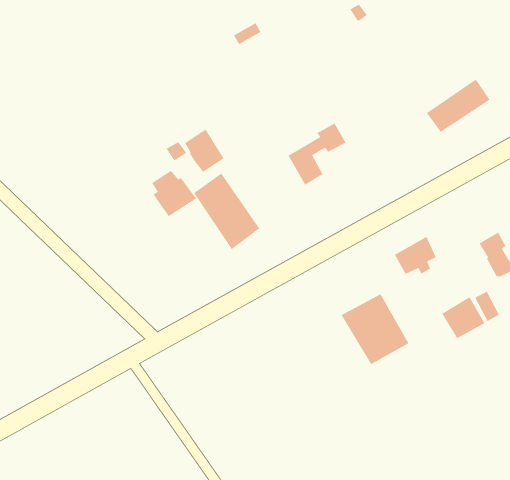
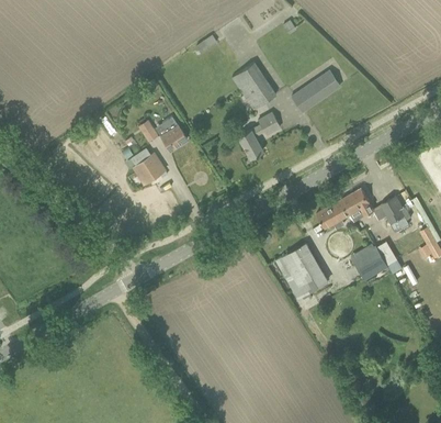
building: none -> [230,63,275,110]
building: [426,78,491,133] -> [291,70,340,112]
building: [193,173,260,250] -> none
building: none -> [341,188,374,223]

